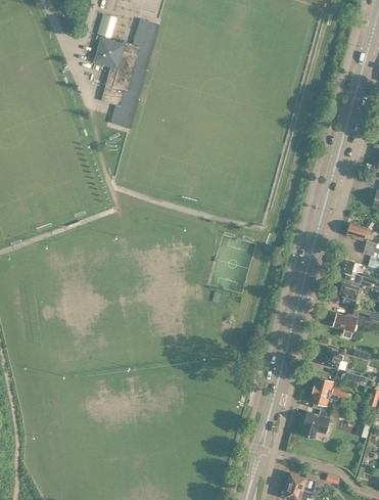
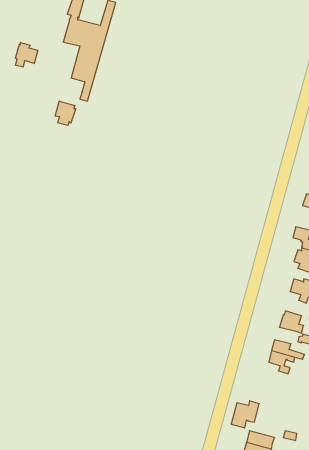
building: none -> [16,42,38,67]
building: none -> [55,101,76,125]
building: [300,410,330,439] -> [231,401,259,428]

